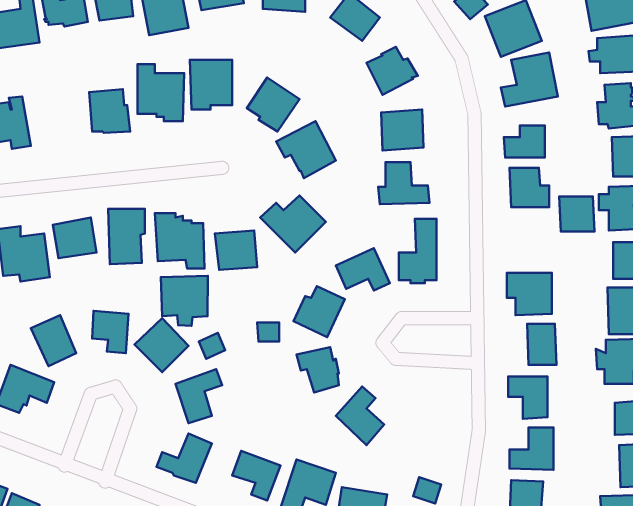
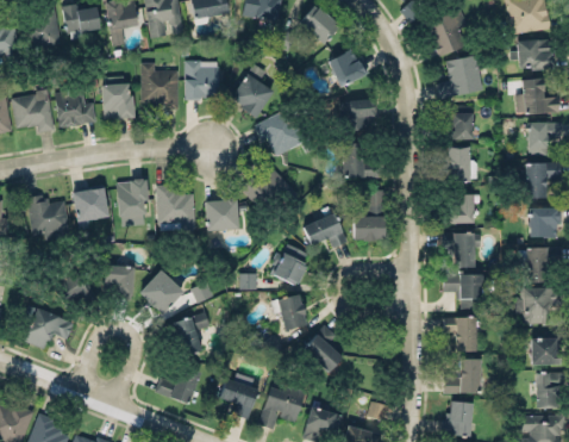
building: none -> [56,89,96,127]
building: [559,196,594,231] -> [446,195,475,224]
building: [161,276,208,326] -> none

